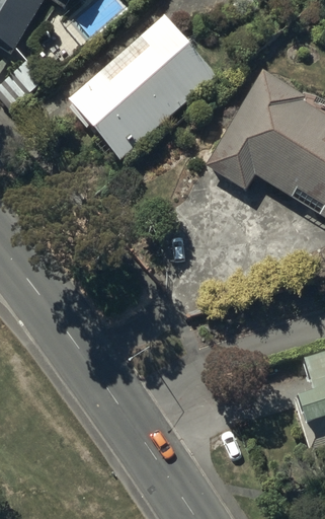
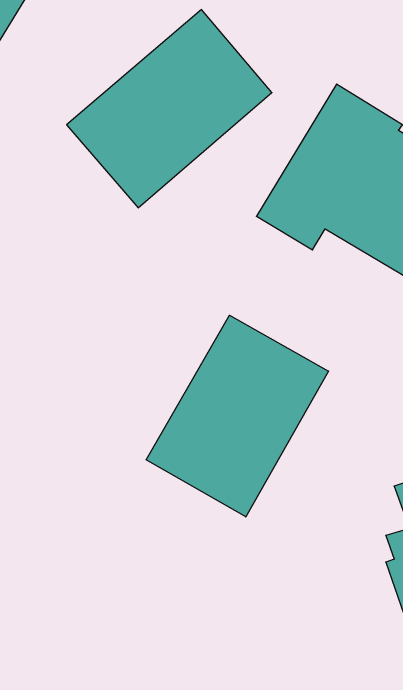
building: none -> [146,315,329,517]

